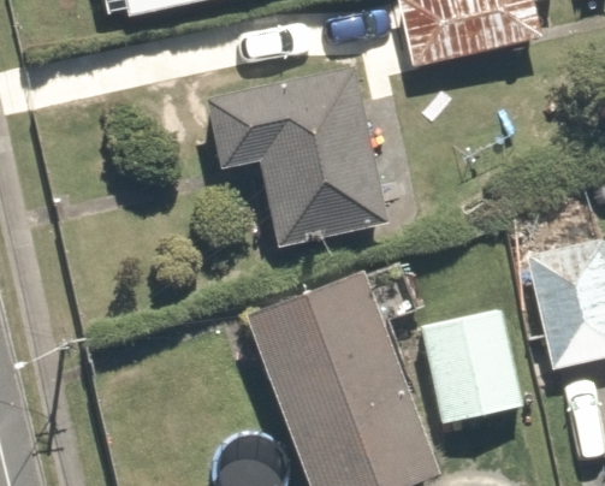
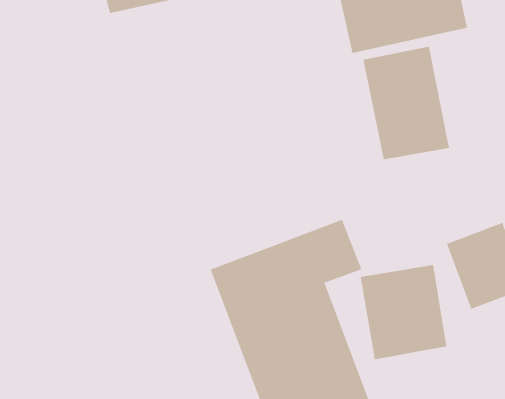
building: none -> [363,46,449,160]
building: [209,71,378,241] -> none

